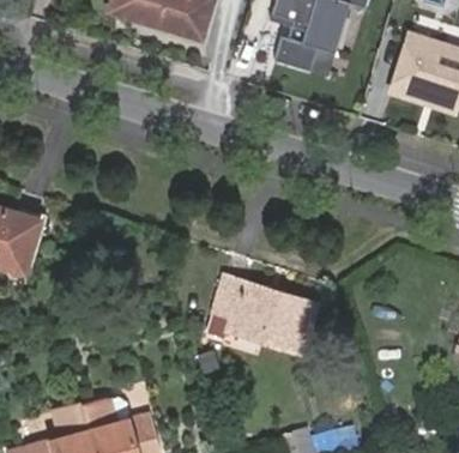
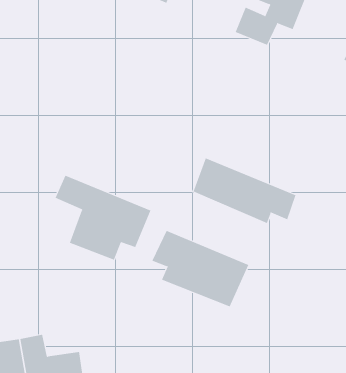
building: none -> [193,157,296,224]
building: none -> [55,175,151,261]

